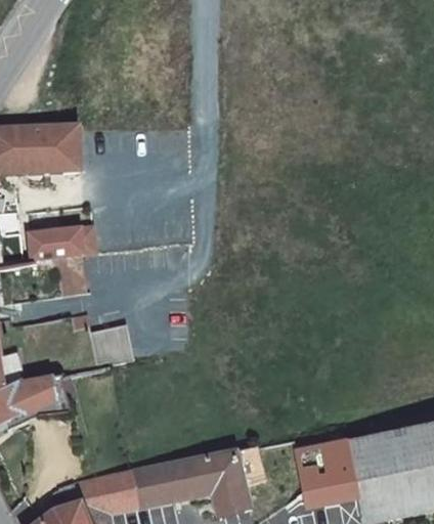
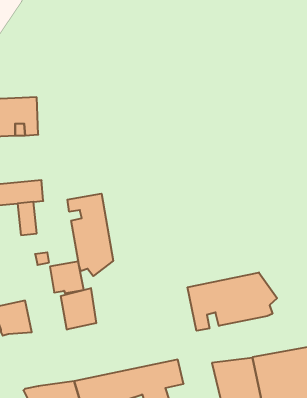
building: none -> [67,194,113,276]
building: none -> [188,272,277,331]
building: none -> [61,288,96,330]

